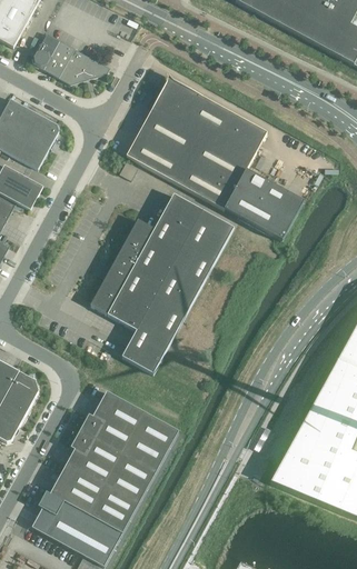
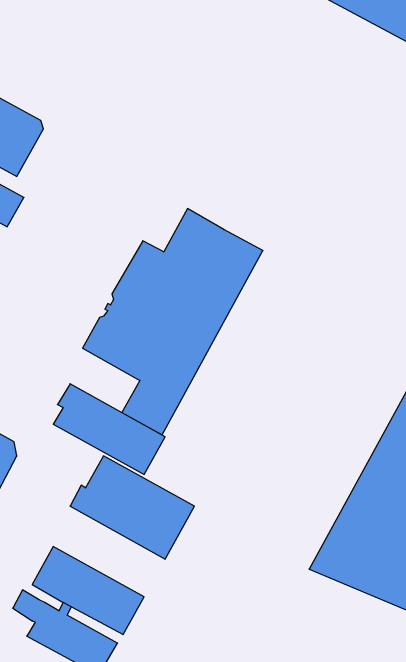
building: [33,32,110,83] -> none
building: [127,80,304,240] -> none
building: [67,430,156,502] -> [53,384,165,474]

